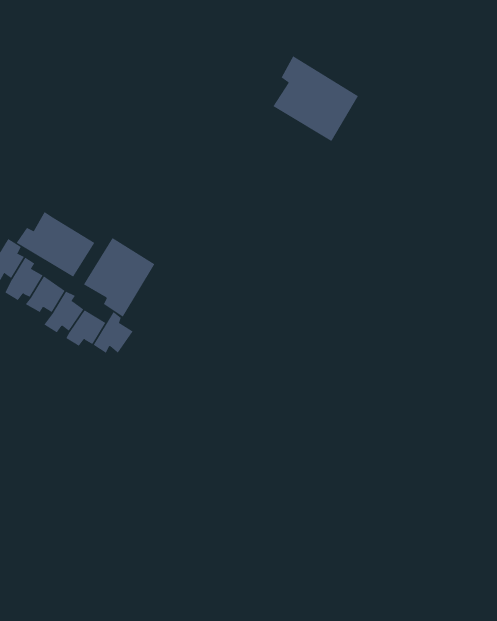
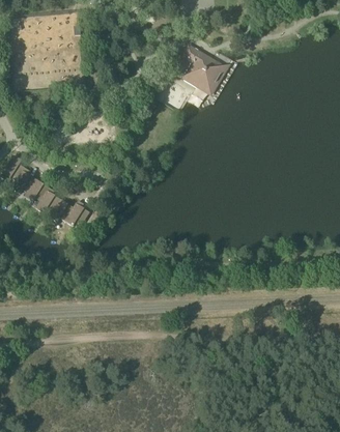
building: [16,211,95,278] -> none
building: [83,237,155,318] -> none

